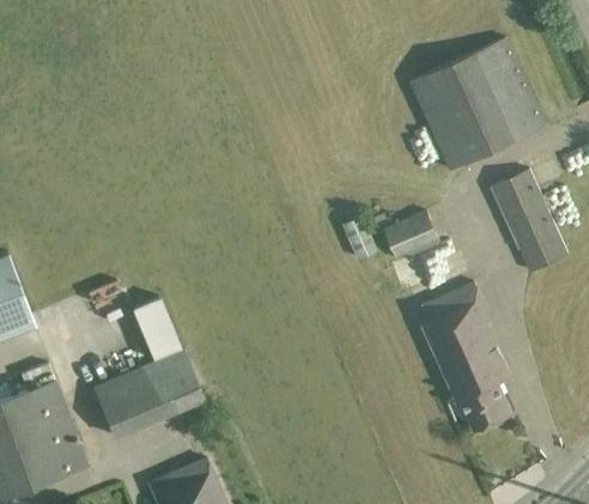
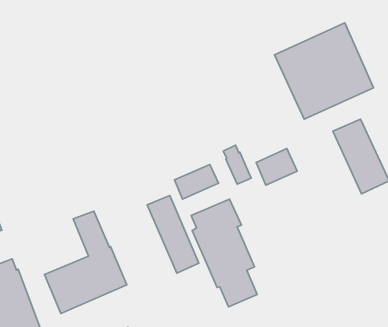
building: none -> [175,165,219,199]
building: none -> [147,195,199,273]
building: [423,284,514,432] -> [191,199,257,307]

